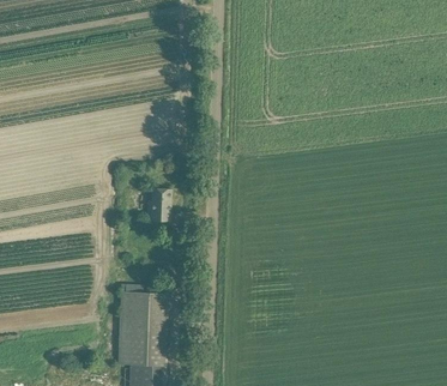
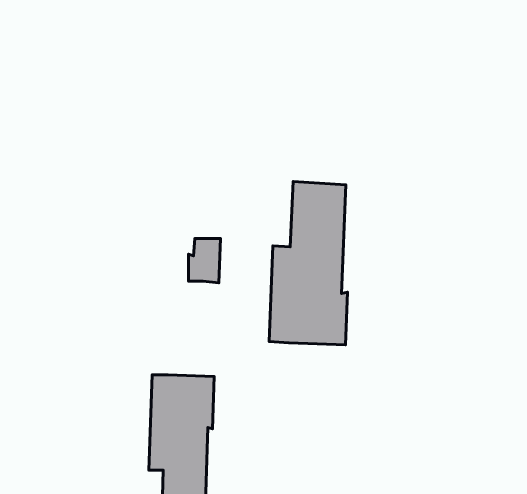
building: none -> [269,181,347,345]

